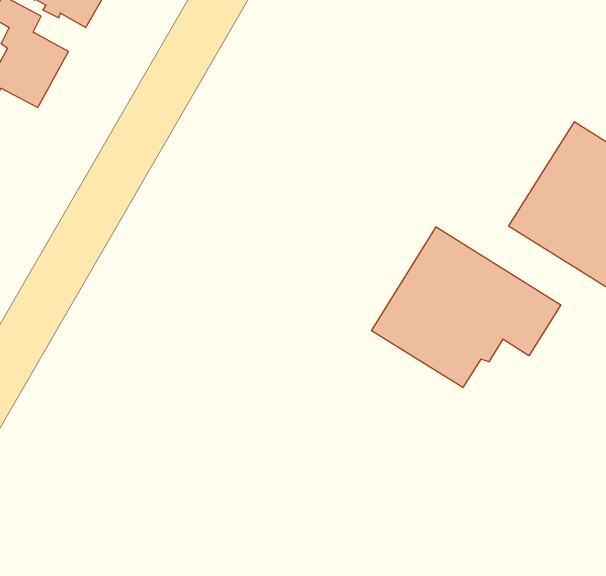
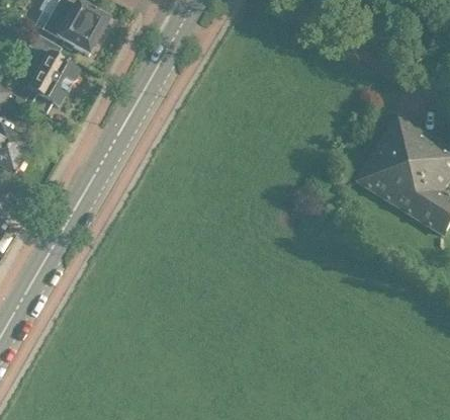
building: [372,227,561,387] -> none

